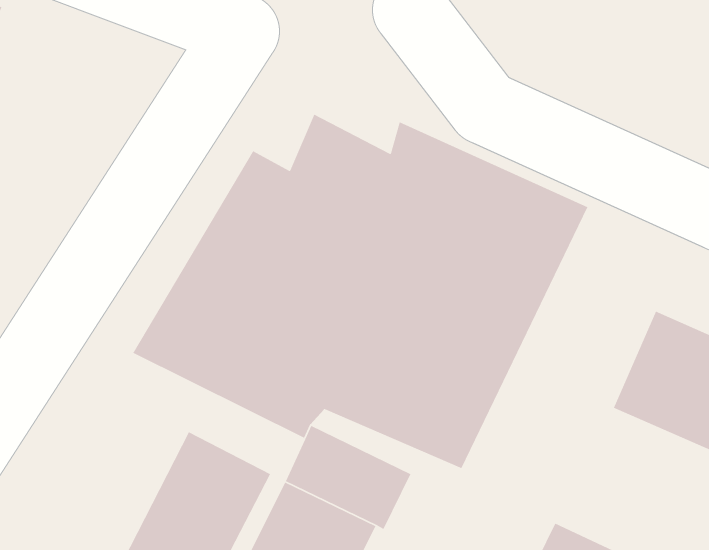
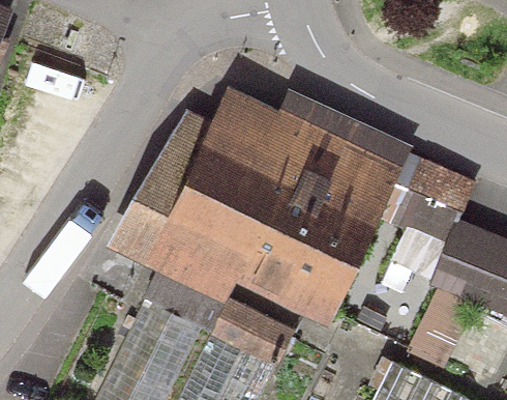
building: none -> [390,158,478,283]

